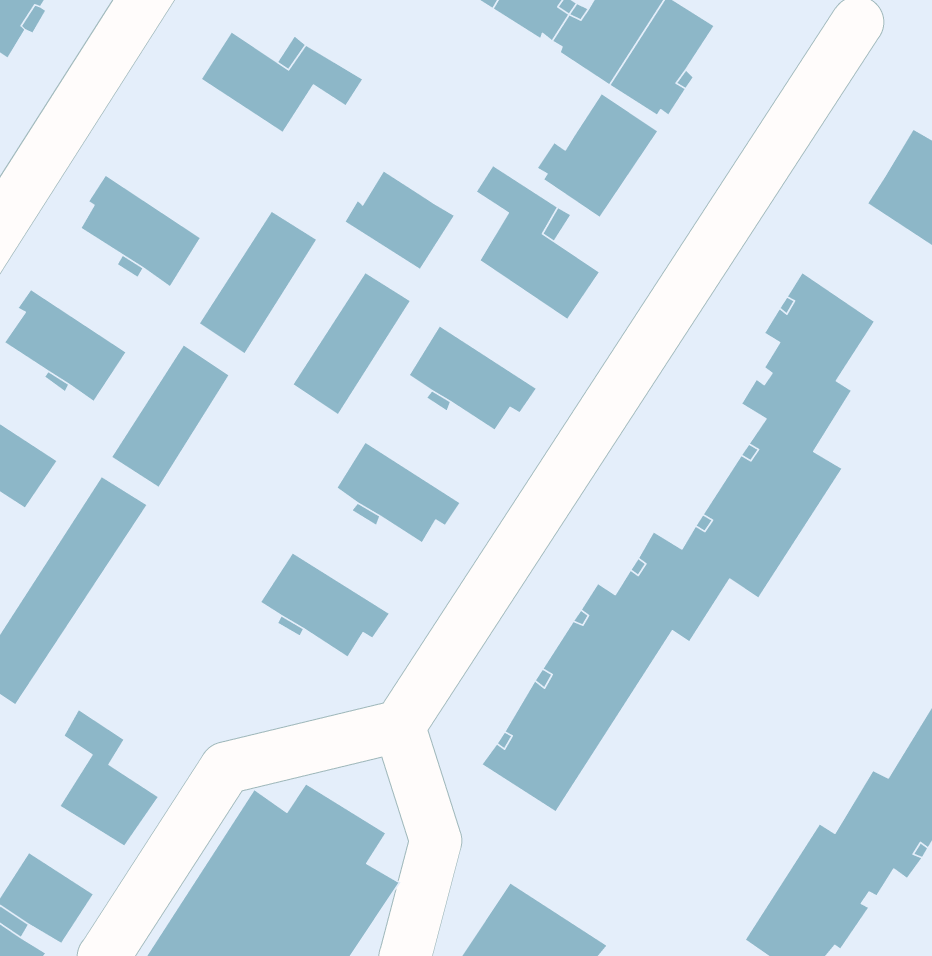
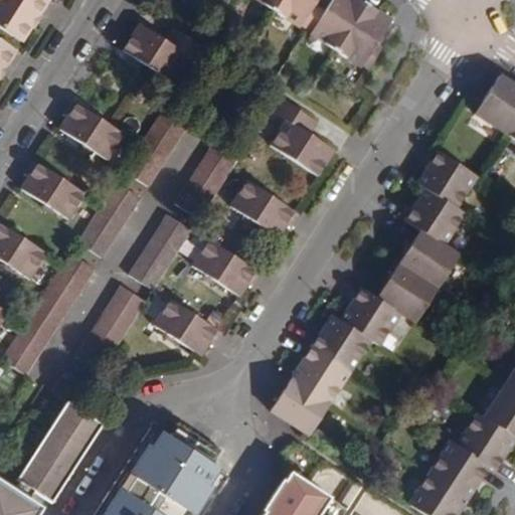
building: [537,93,658,218] -> none
building: [345,171,455,270] -> none
building: none -> [126,221,187,295]
building: none -> [81,289,143,362]
building: none -> [32,432,82,478]

